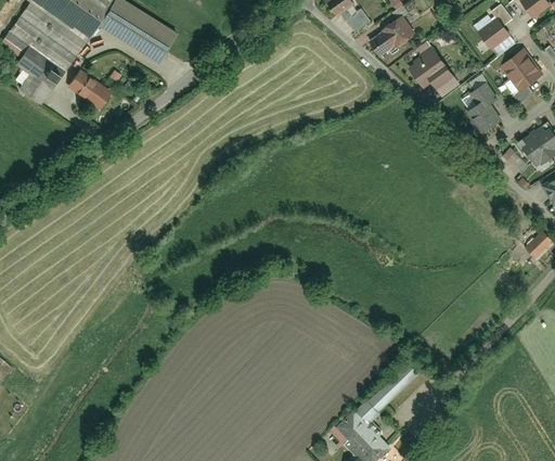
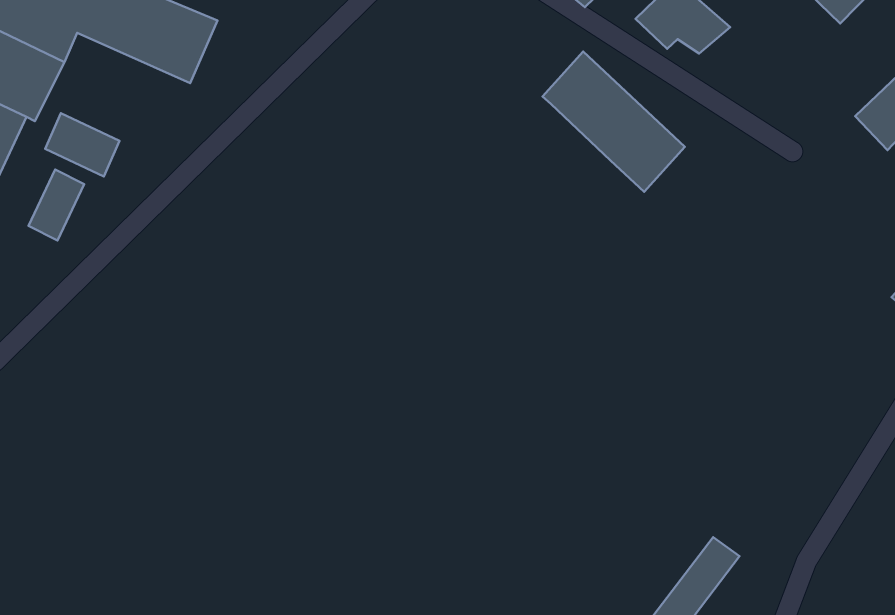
building: [466,81,503,130] -> none
building: none -> [543,52,685,192]
building: none -> [29,170,84,240]

